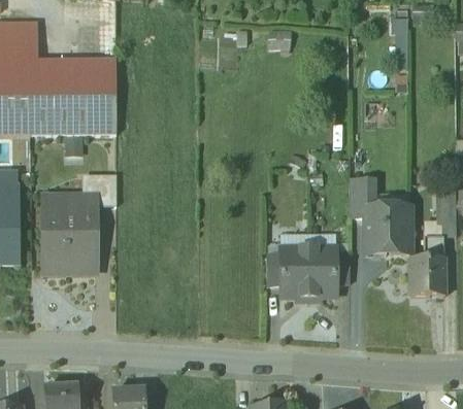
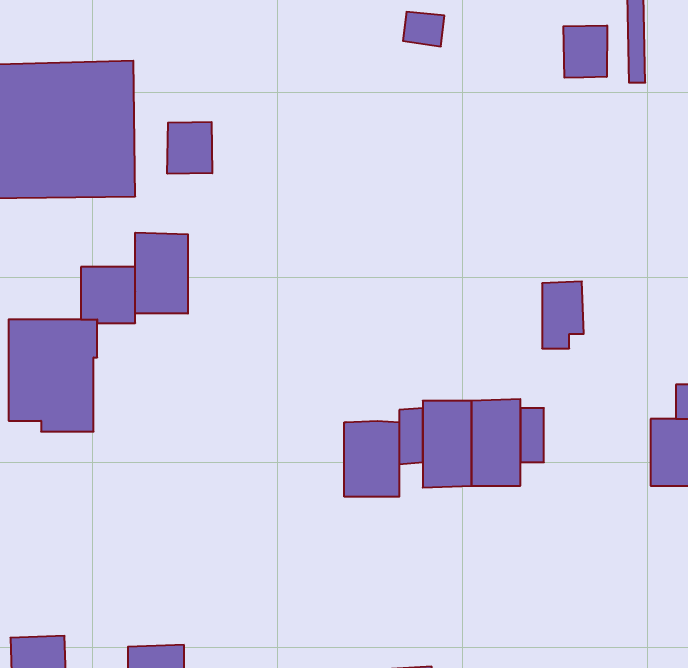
building: none -> [563,25,607,78]
building: none -> [167,122,212,174]
building: none -> [135,233,188,314]
building: [363,210,409,255] -> none
building: none -> [344,421,399,497]

